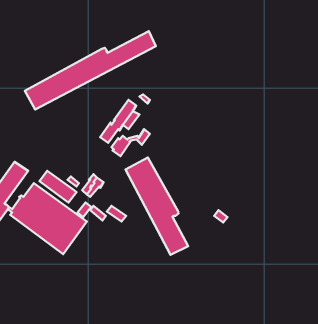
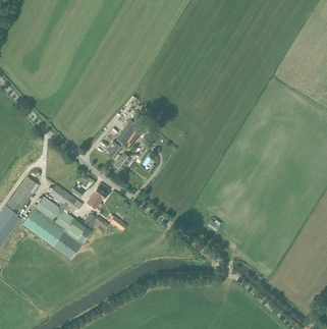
building: [25,31,156,110] -> none
building: [125,157,188,255] -> none

